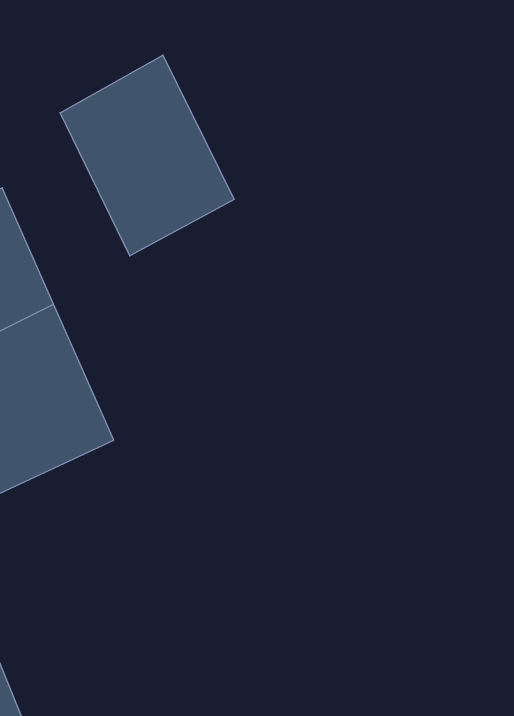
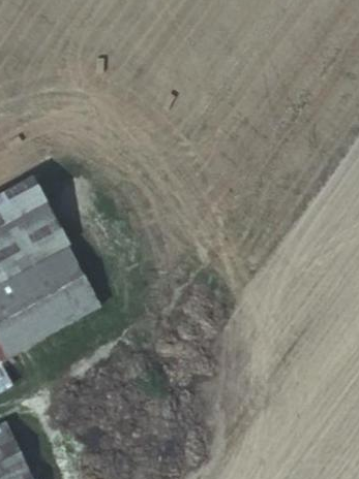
building: [60,55,234,256] -> none

